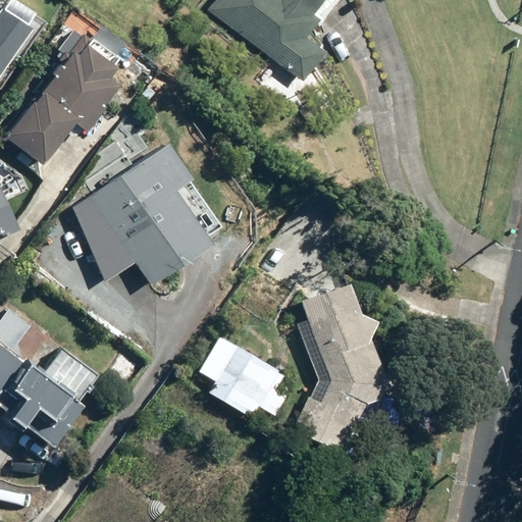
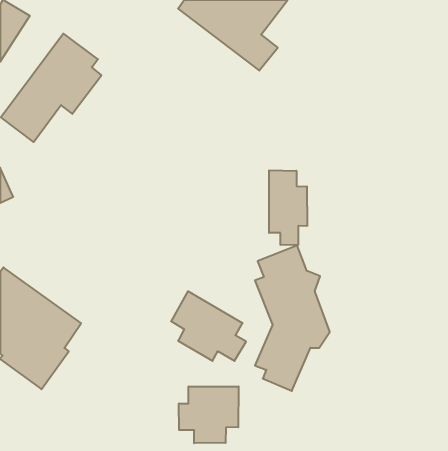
building: [68,147,211,283] -> none
building: none -> [269,170,307,245]
building: none -> [179,386,239,443]

